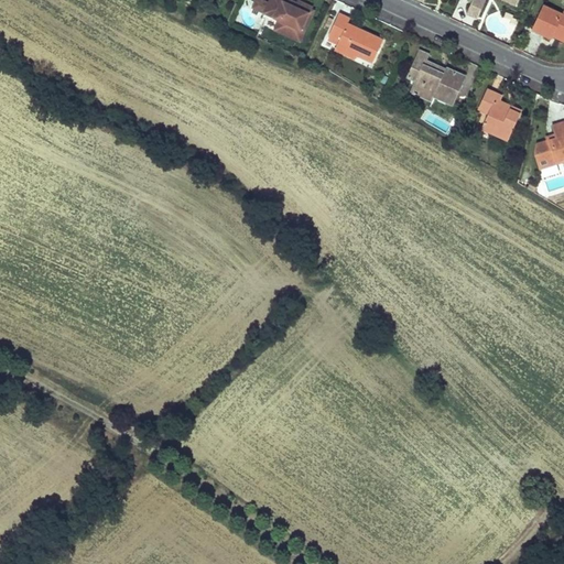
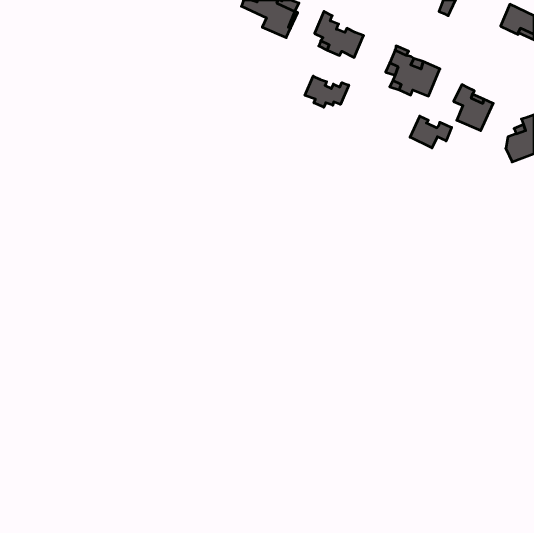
building: none -> [305,76,349,107]
building: none -> [410,116,452,148]

